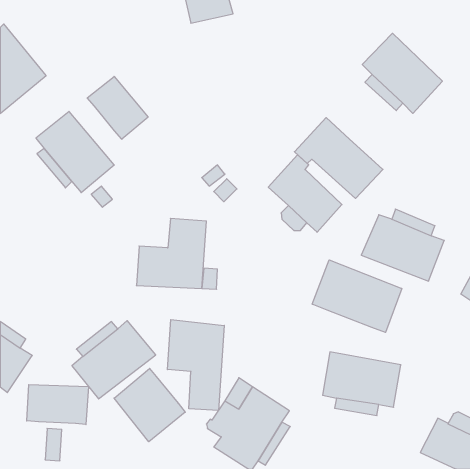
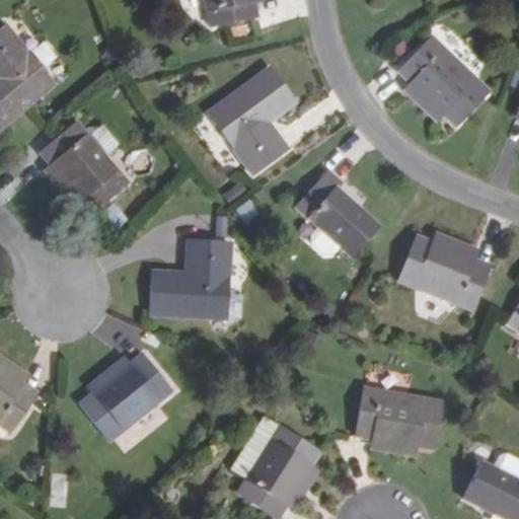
building: none -> [209,68,294,171]
building: [87,76,148,139] -> none
building: [294,118,383,198] -> none
building: [312,260,402,332] -> none
building: [167,320,224,410] -> none
building: [114,368,185,442] -> none
building: [27,385,89,425] -> none

